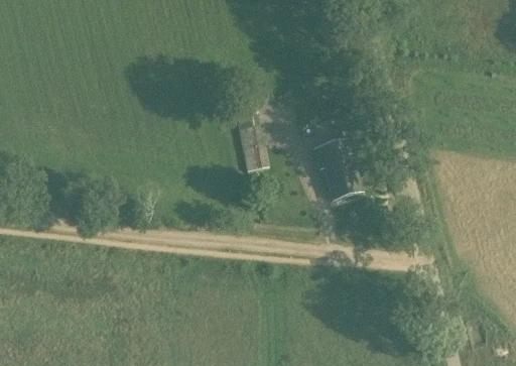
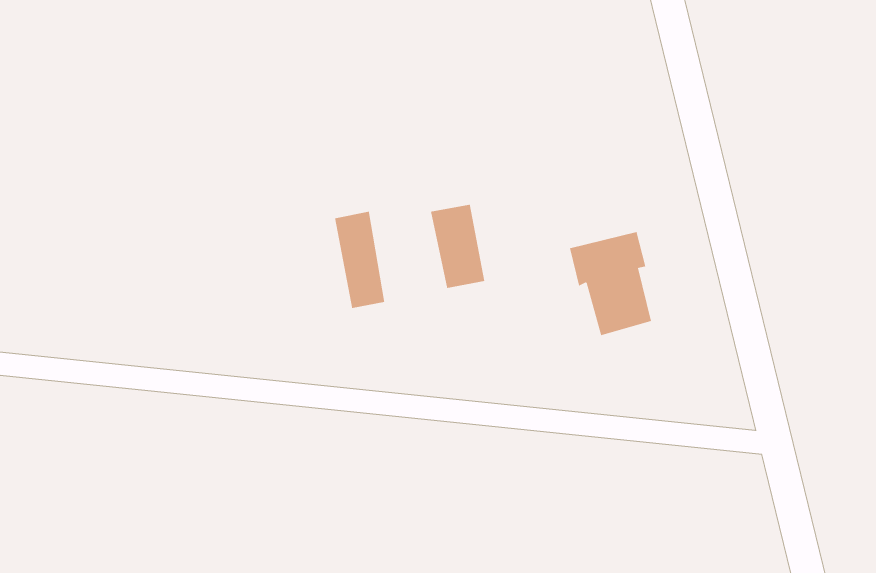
building: none -> [335,211,385,309]

